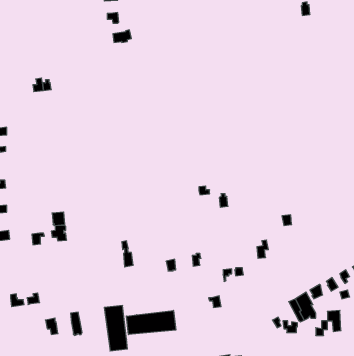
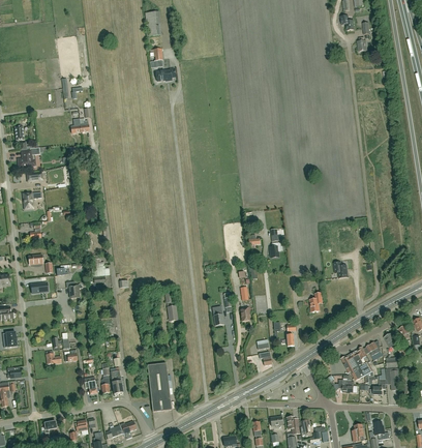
building: [126,310,176,335] -> none

